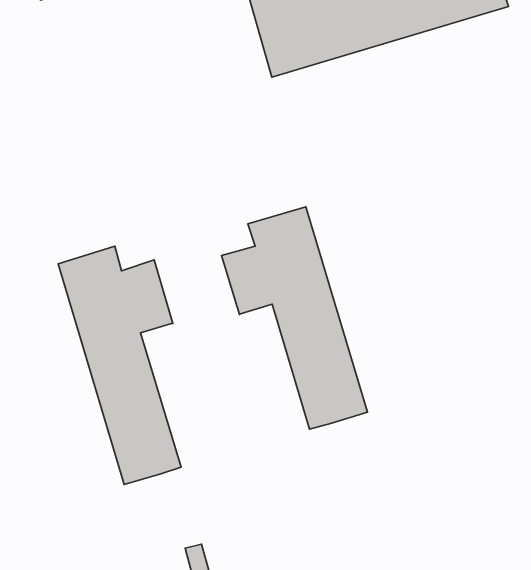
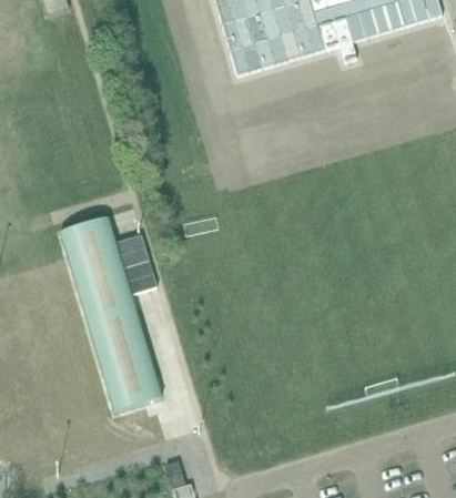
building: [221,207,367,429] -> none

